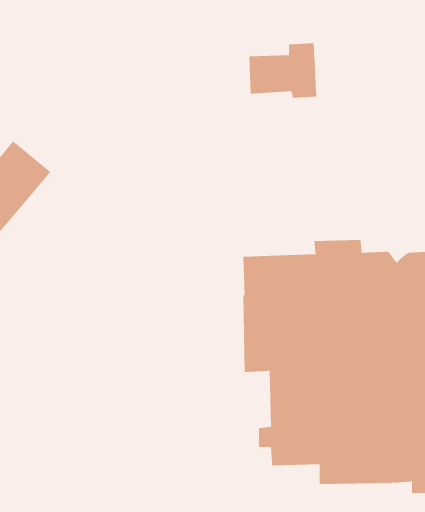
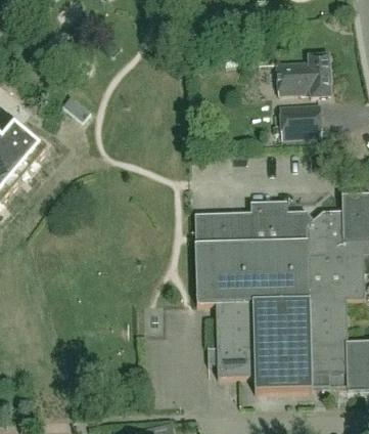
building: [249,43,317,98] -> [277,53,330,96]
building: none -> [279,103,321,138]

